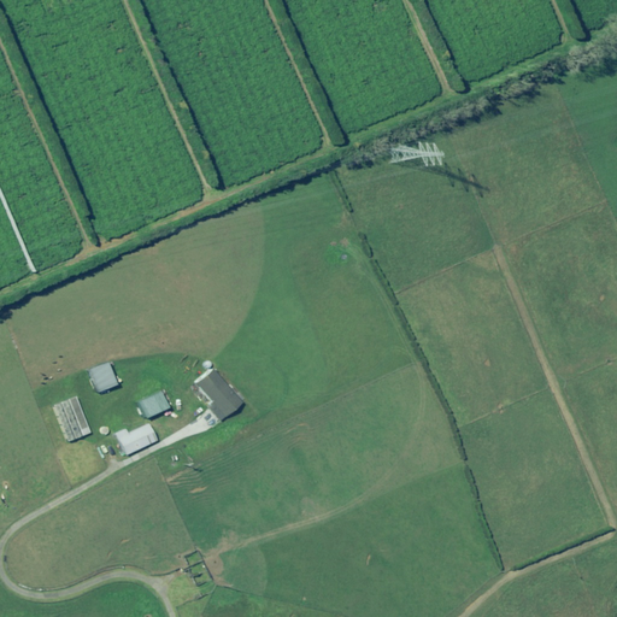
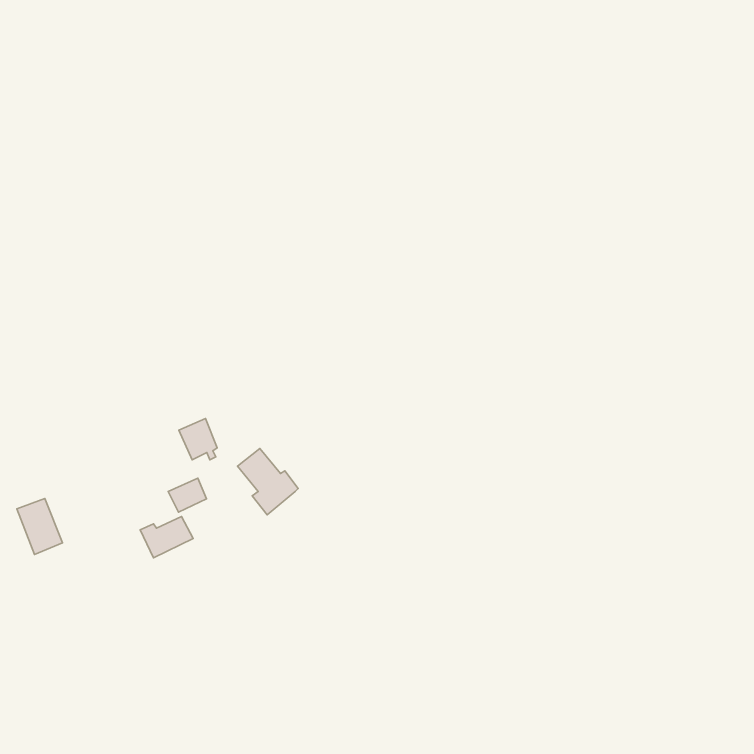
building: [87,359,118,393] -> [179,418,217,460]
building: [53,396,90,442] -> [17,498,62,554]

